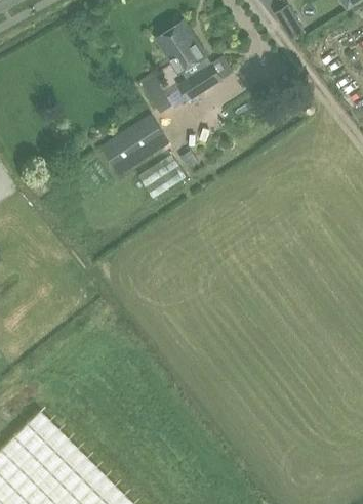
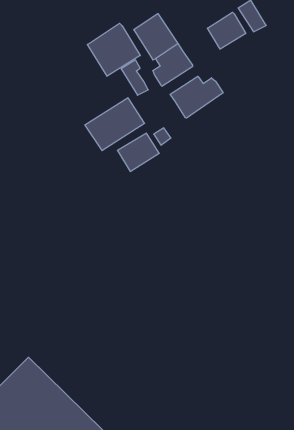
building: none -> [207,12,246,49]
building: none -> [87,23,140,76]
building: none -> [170,76,223,118]

